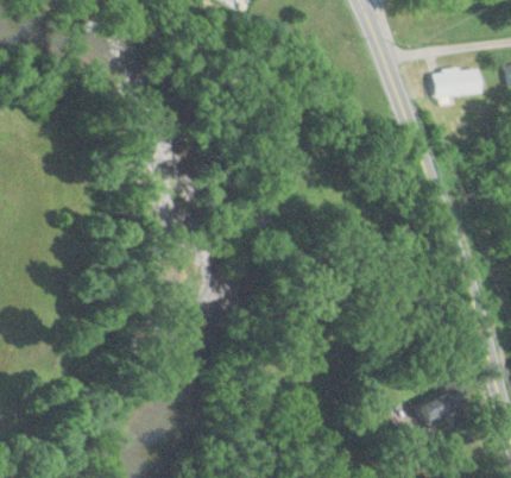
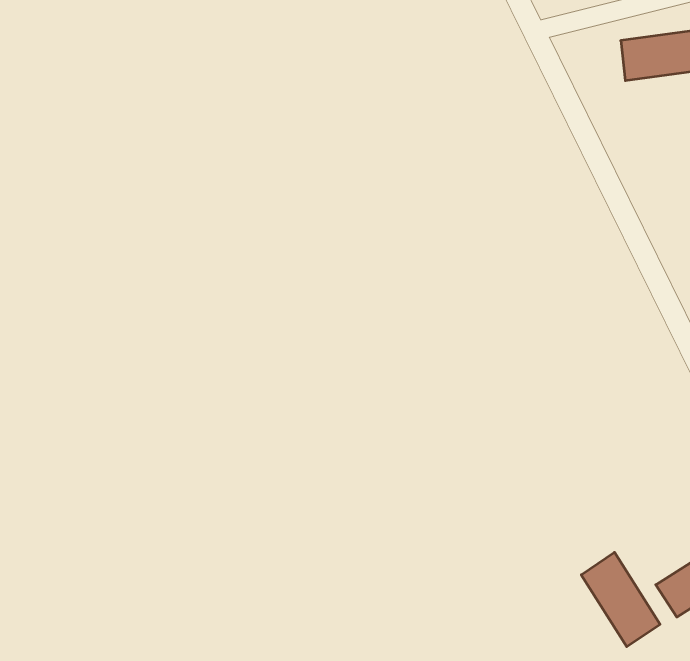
building: none -> [581,552,660,647]

